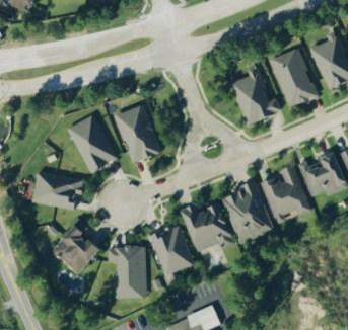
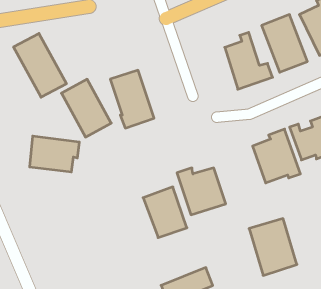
building: none -> [14,33,66,97]
building: [222,182,271,240] -> [249,219,297,275]
building: [52,220,102,274] -> none
building: [108,246,146,299] -> none

